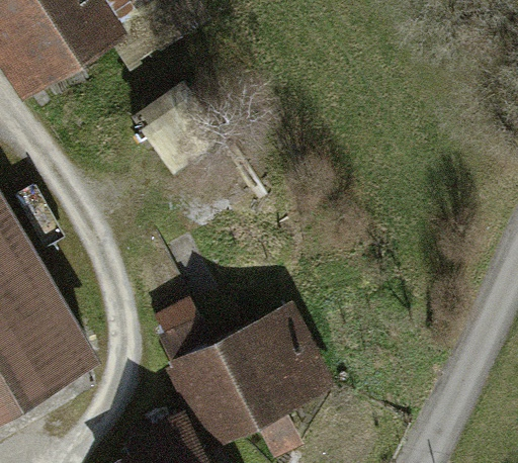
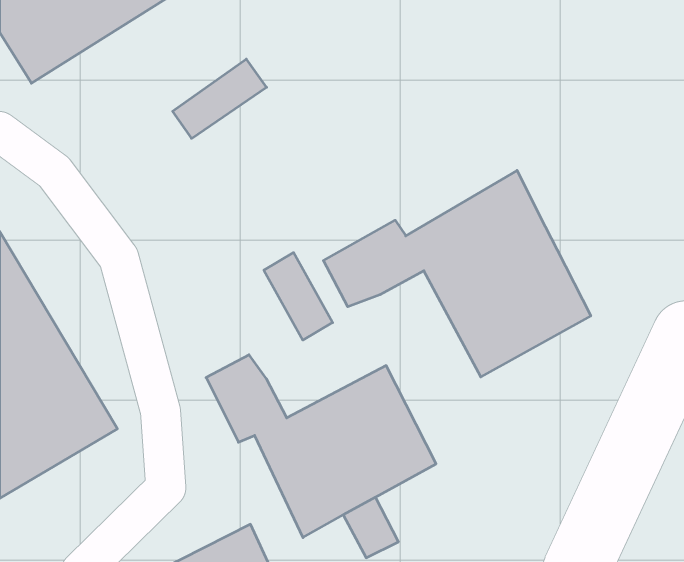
building: none -> [323,170,591,377]

